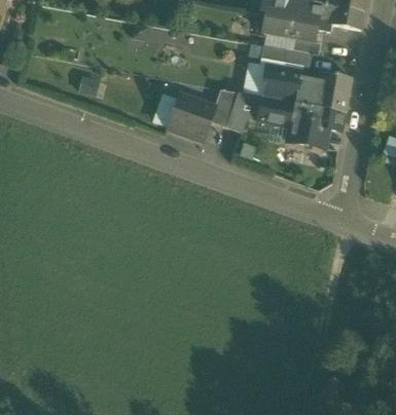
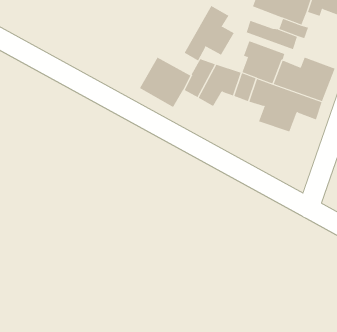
building: none -> [184,5,235,61]

